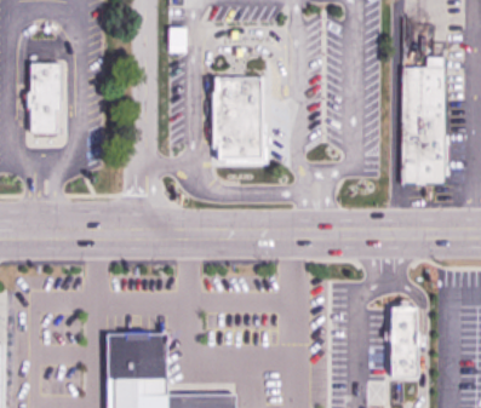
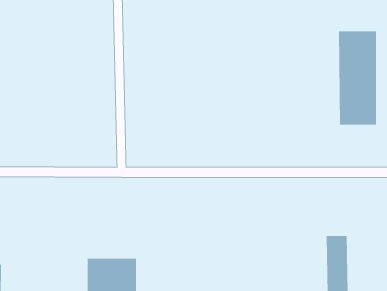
building: [28,63,62,136] -> none
building: [216,79,259,155] -> none

